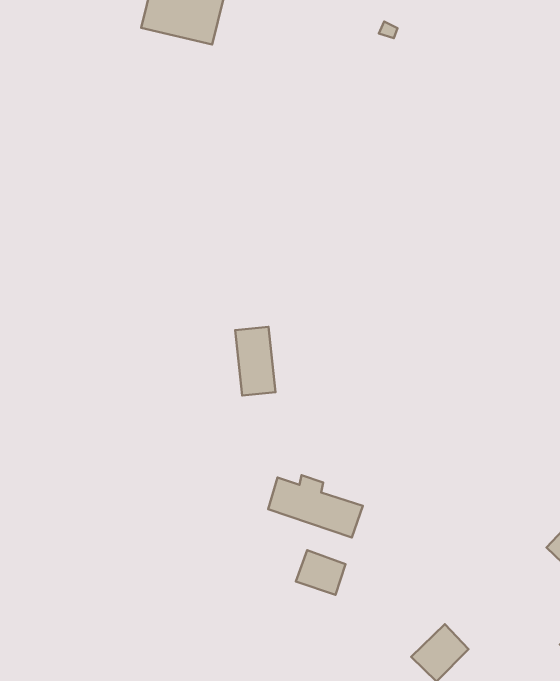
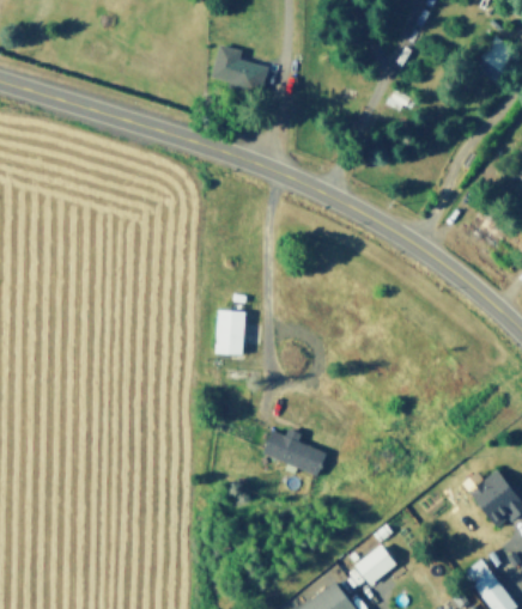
building: [235,327,276,396] -> [211,307,236,357]
building: [296,550,345,595] -> none

